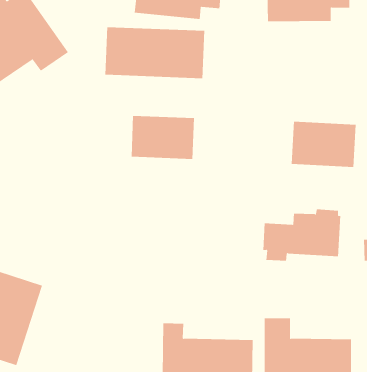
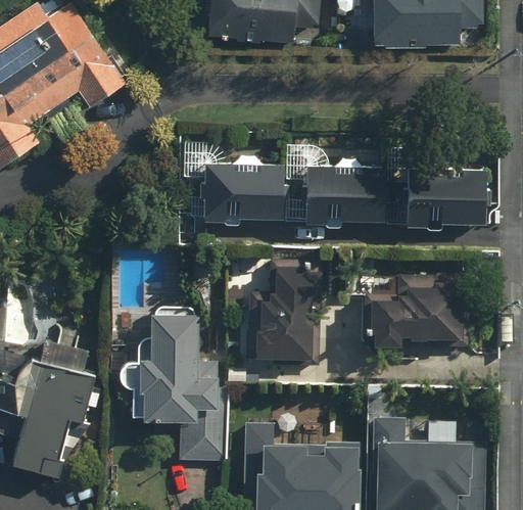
building: [105,26,205,79] -> none
building: none -> [306,167,383,225]
building: none -> [247,261,322,360]
building: none -> [145,314,223,460]

